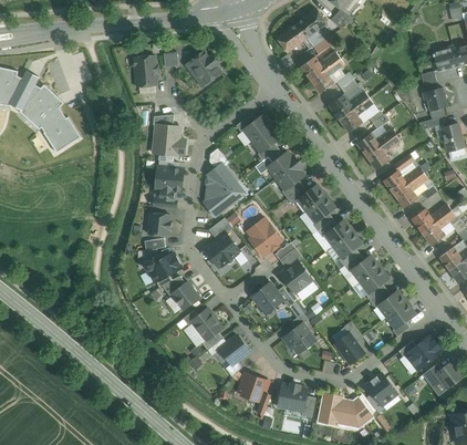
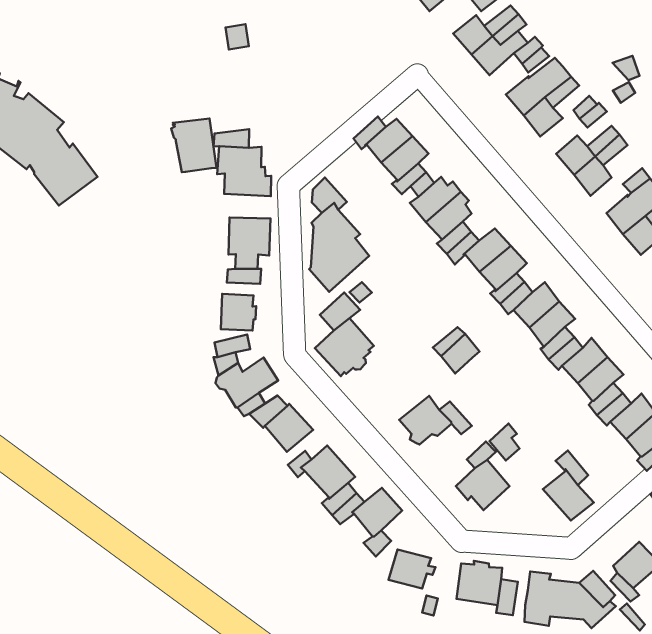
building: [189,51,219,83] -> none
building: [132,55,157,86] -> [171,118,217,172]
building: [249,218,281,256] -> none
building: [281,261,311,291] -> none

